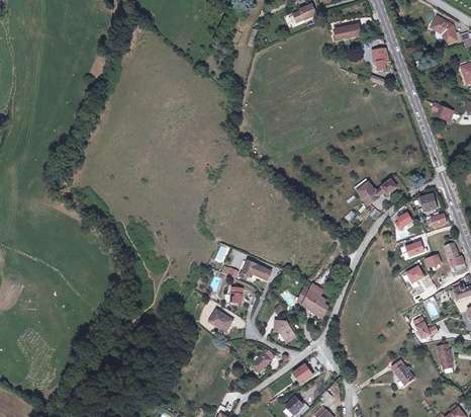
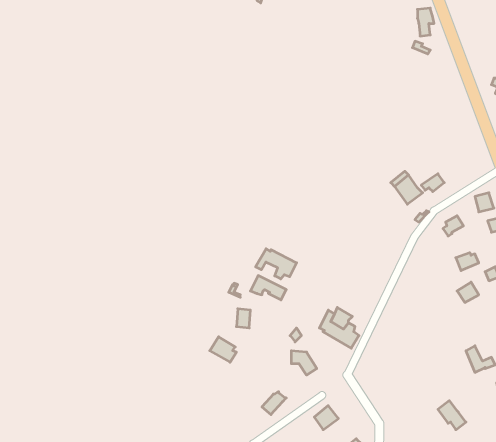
building: none -> [256,249,297,279]

